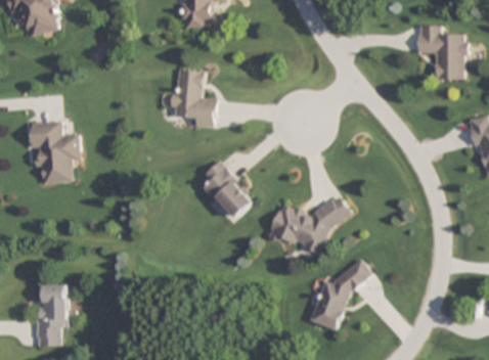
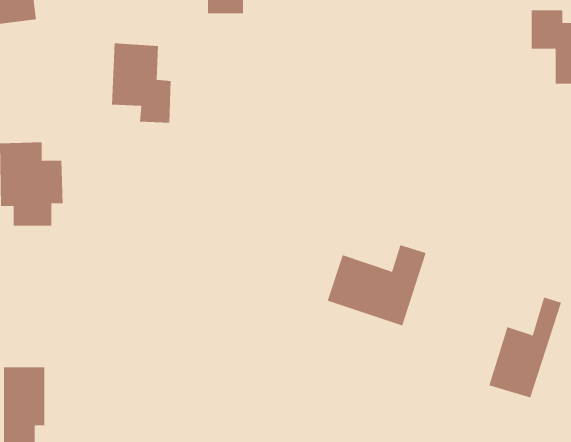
building: [172,69,216,127] -> [111,43,172,123]
building: [203,162,256,220] -> none
building: [310,258,363,331] -> [489,297,562,398]

